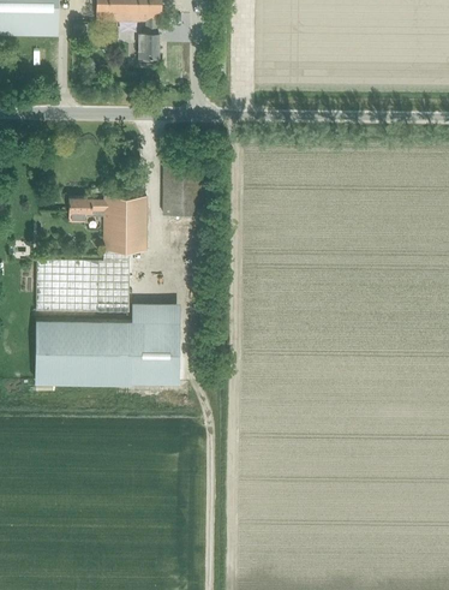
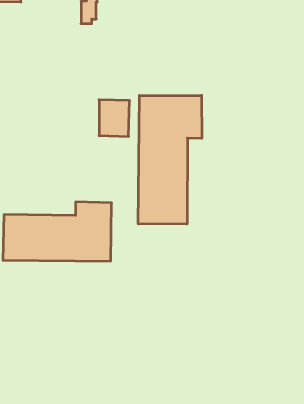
building: none -> [138,95,202,224]
building: [35,197,145,311] -> none

